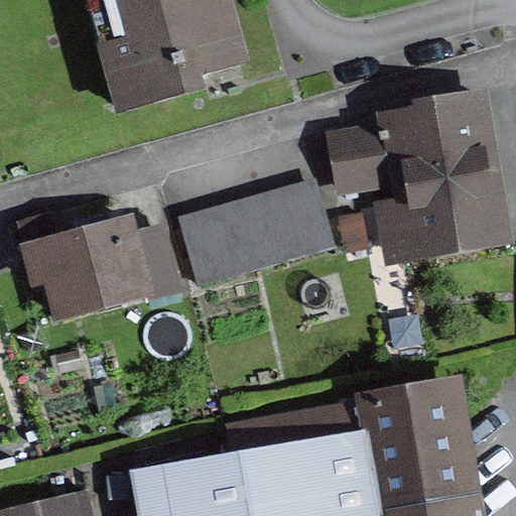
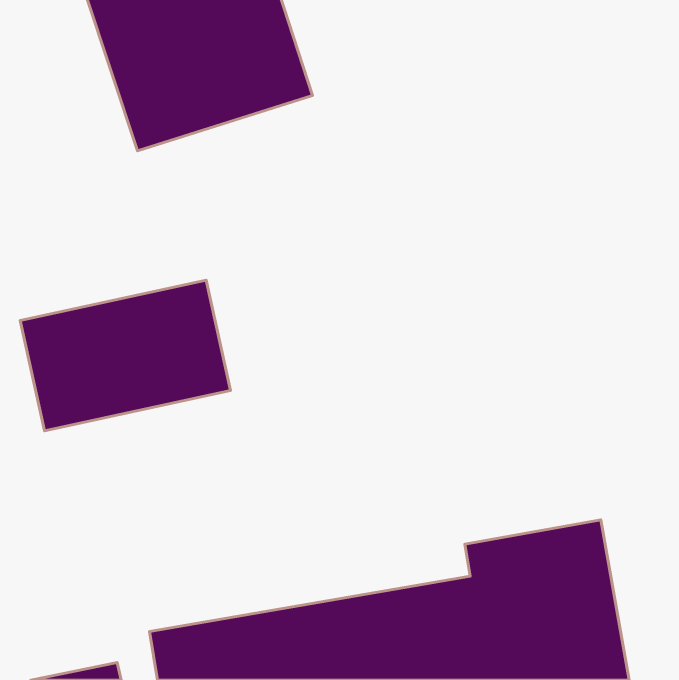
building: [340,88,508,254] -> none
building: [185,181,338,289] -> none

